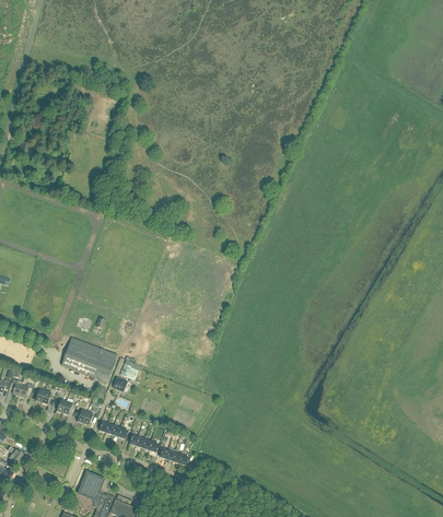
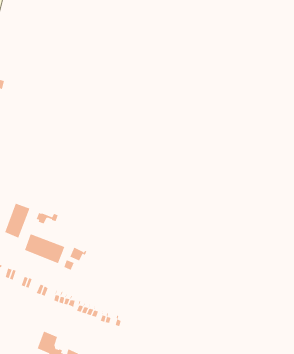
building: none -> [4,203,30,238]

